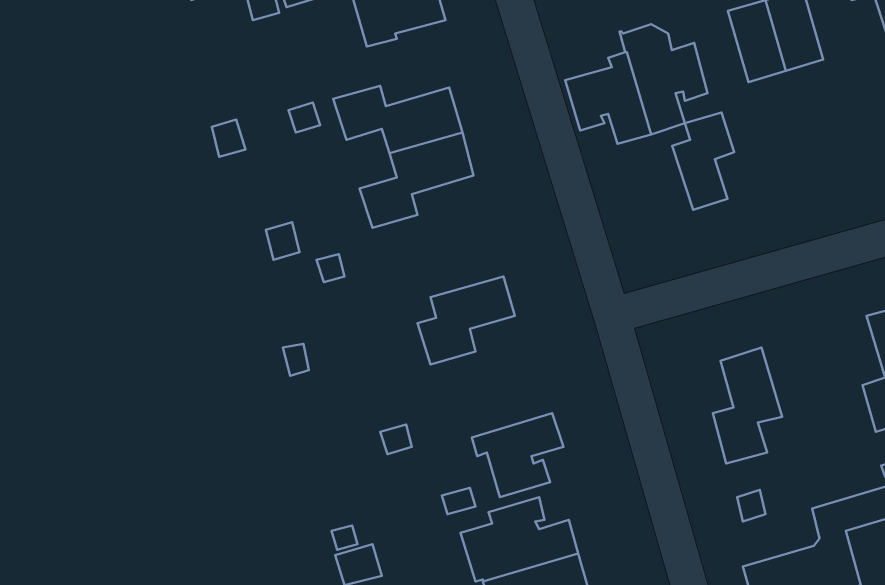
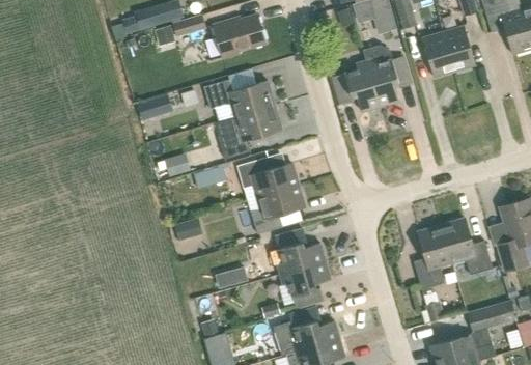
building: [672,112,734,210] -> none
building: none -> [236,158,298,196]
building: none -> [441,217,493,275]
building: none -> [270,228,325,274]

